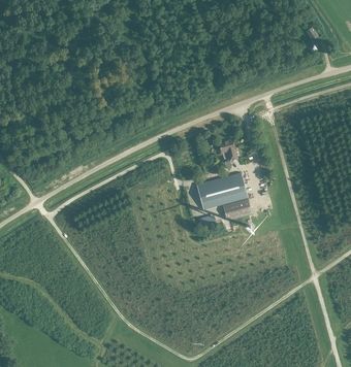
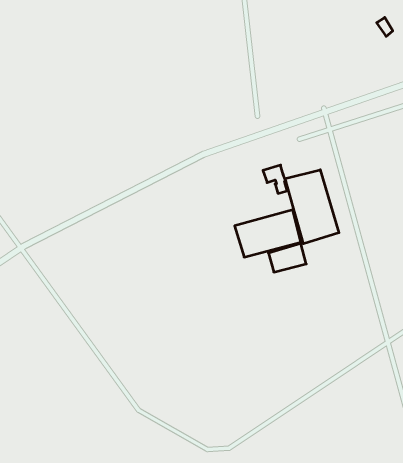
building: none -> [285,170,339,244]

